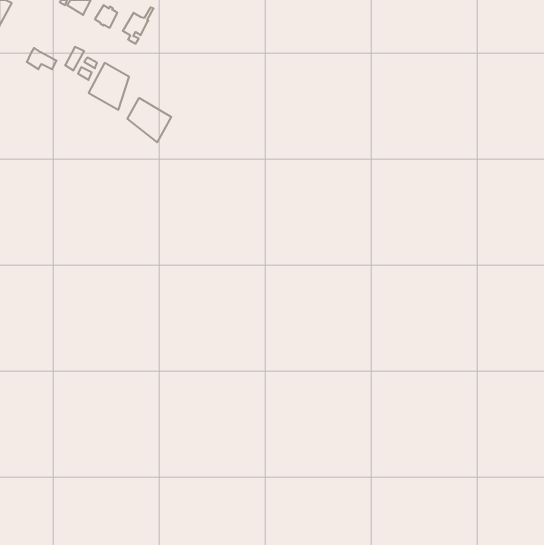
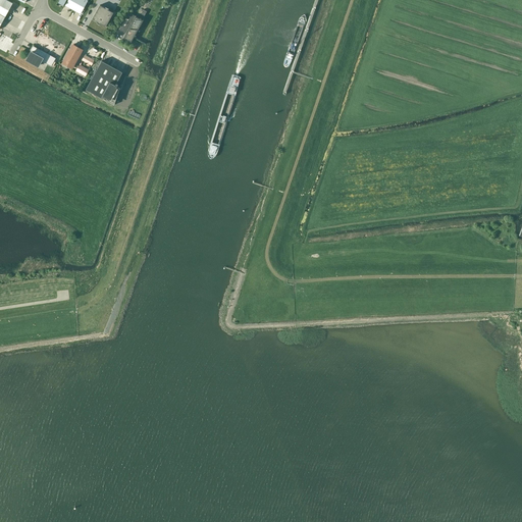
building: [127,98,171,142] -> none

